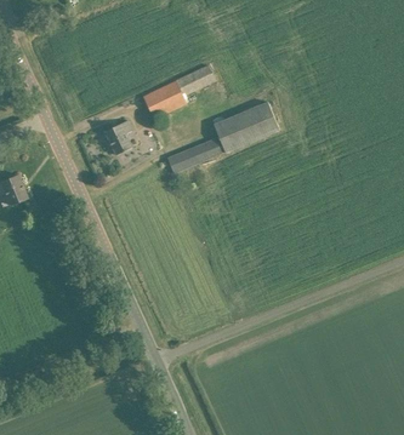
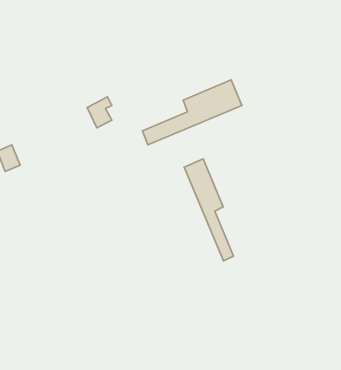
building: [142,64,215,118] -> none
building: none -> [184,159,233,261]

